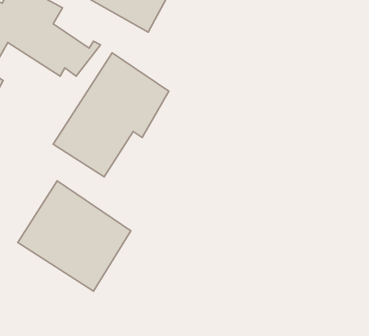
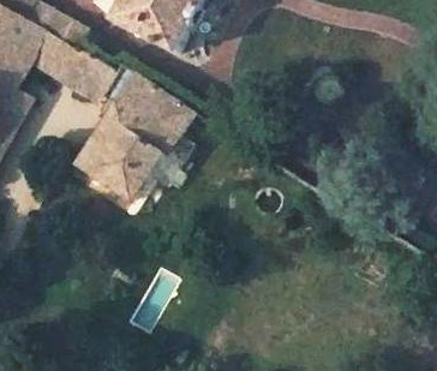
building: [18,181,131,291] -> none

